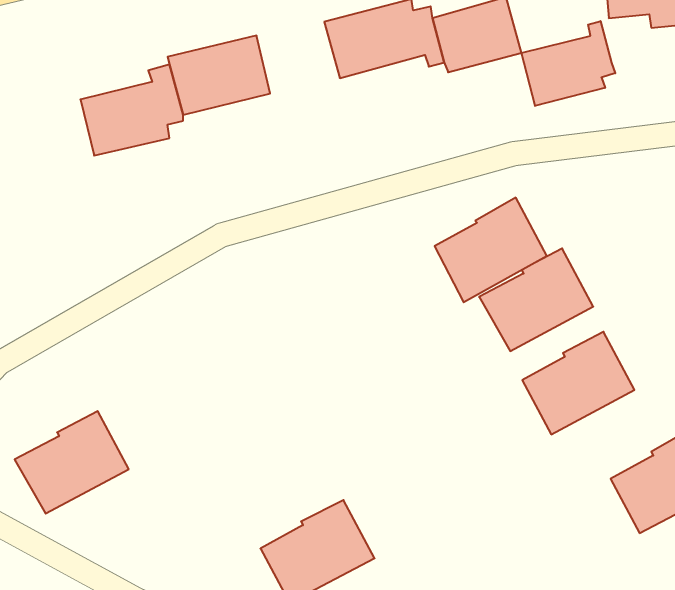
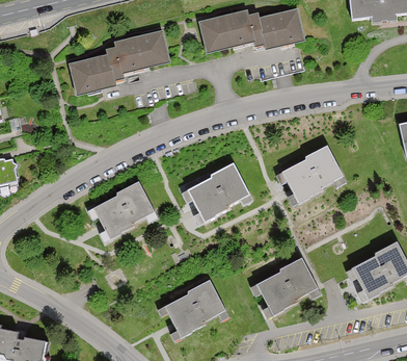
building: [522,21,615,106] -> none
building: [435,198,547,302] -> [189,163,249,220]
building: [522,332,634,434] -> [259,257,319,312]
building: [15,411,129,514] -> [93,182,155,237]

